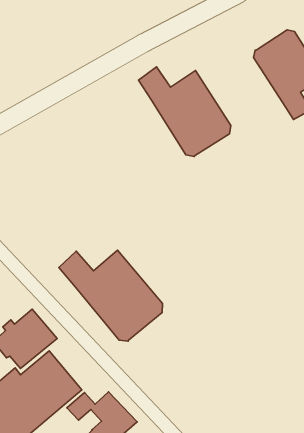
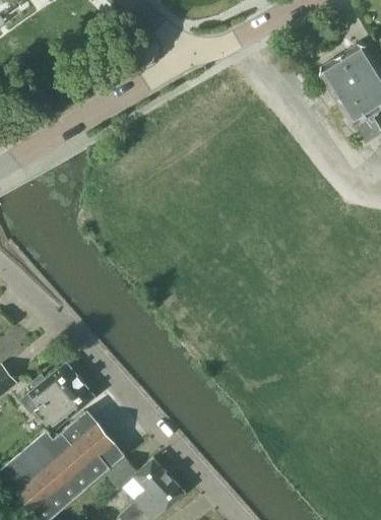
building: [139,67,231,157] -> none
building: [59,250,162,341] -> none

